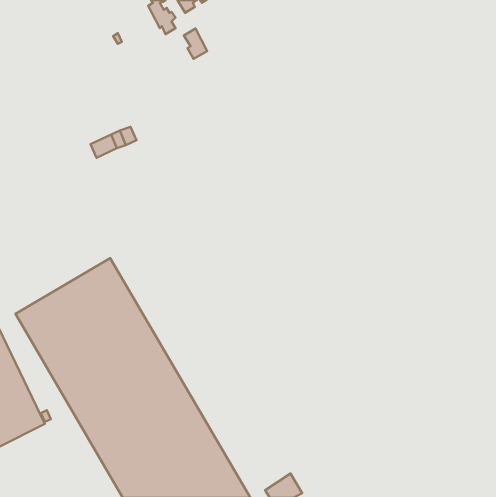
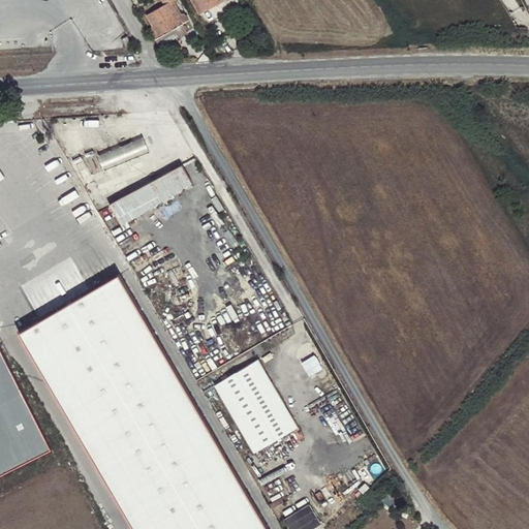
building: [184,29,207,59] -> [145,7,169,39]
building: none -> [108,166,192,224]
building: none -> [212,357,298,454]

